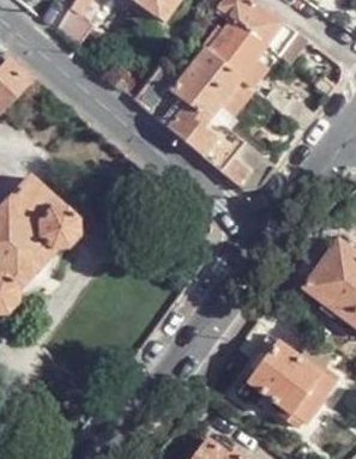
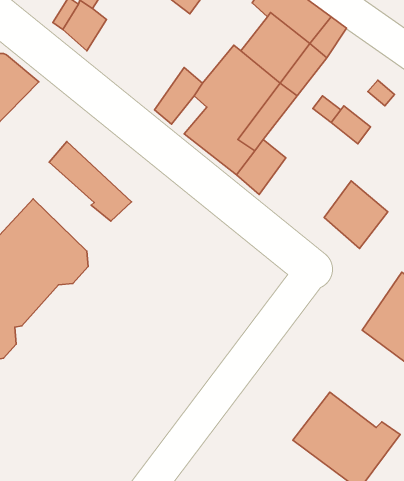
building: none -> [49,141,132,221]
building: [222,141,276,199] -> [324,181,388,248]

